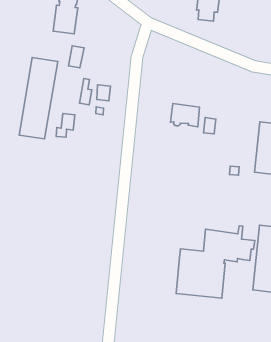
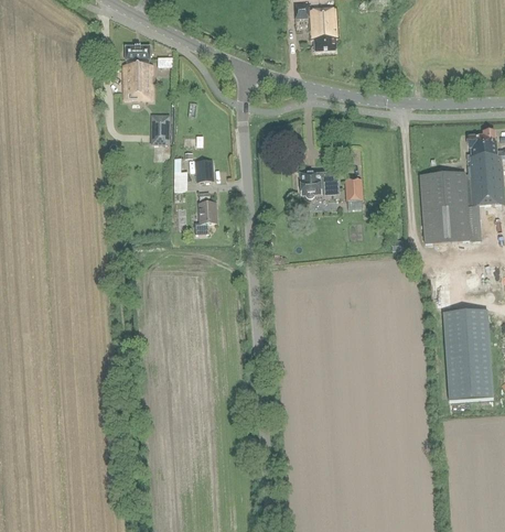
building: [19,58,58,139] -> none
building: [56,114,75,137] -> [194,203,216,236]
building: [176,226,255,298] -> none

